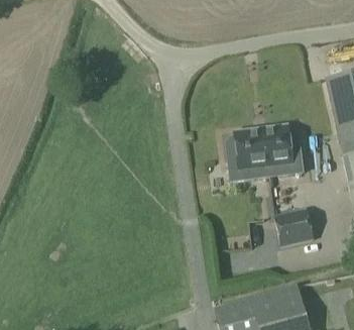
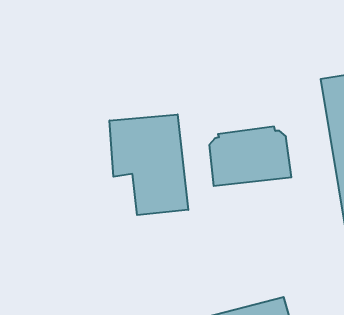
building: none -> [110,114,188,215]
building: [276,208,315,244] -> none

